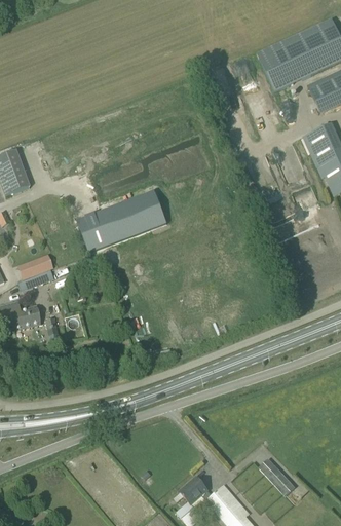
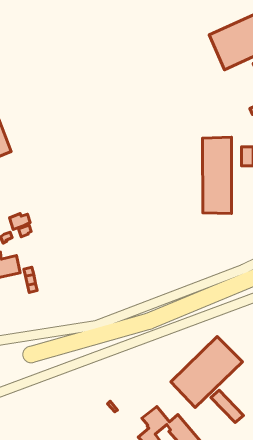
building: none -> [202,137,231,213]
building: [76,190,166,252] -> none
building: none -> [171,337,242,407]

